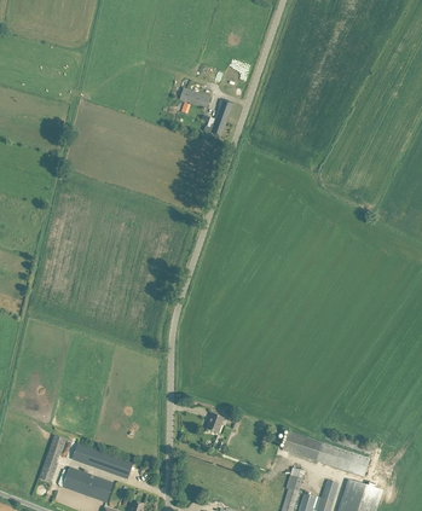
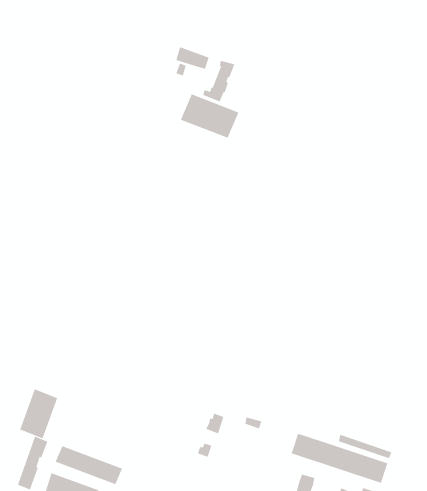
building: none -> [180,94,239,139]
building: none -> [20,389,58,439]

